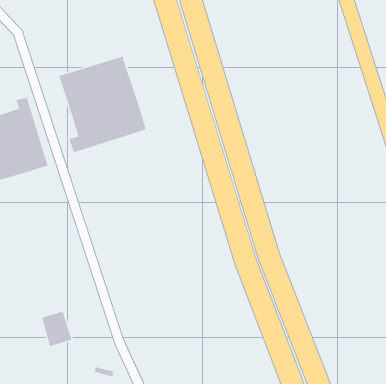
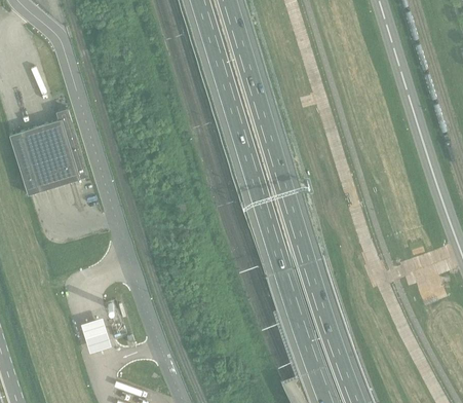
building: [59,56,147,153] -> none

